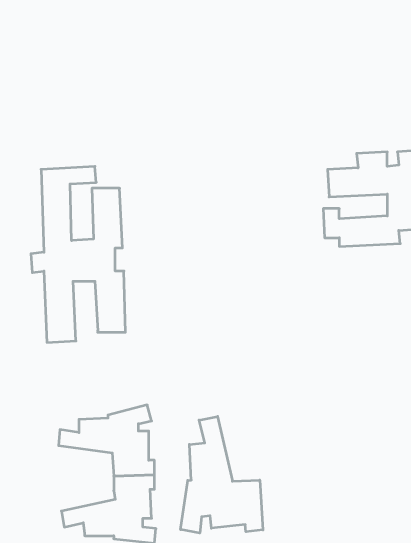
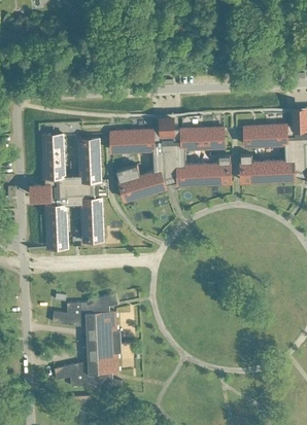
building: none -> [110,118,231,201]
building: [181,416,263,533] -> none

